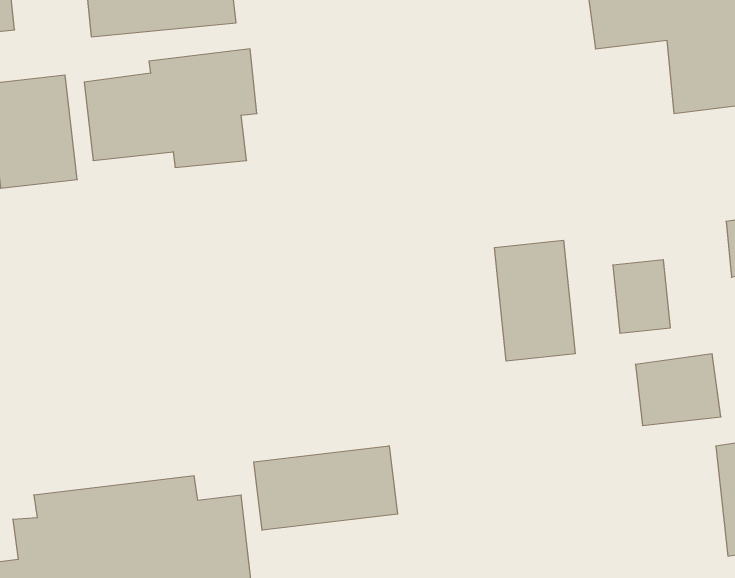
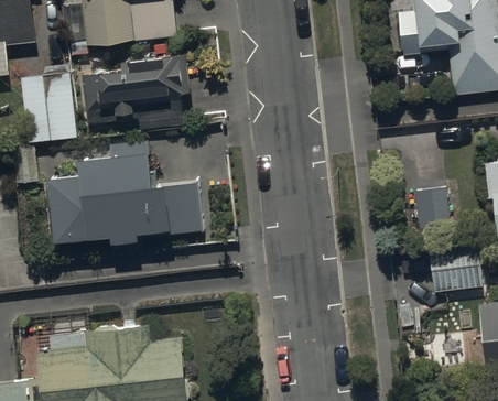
building: none -> [48,139,203,247]
building: [494,240,575,361] -> none
building: [254,446,398,530] -> none

